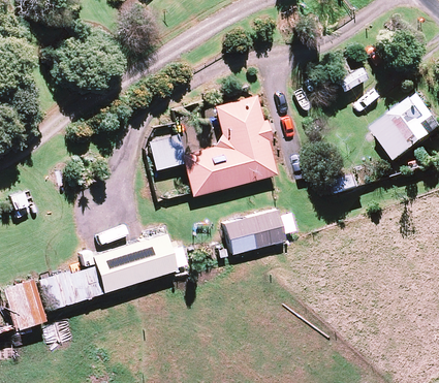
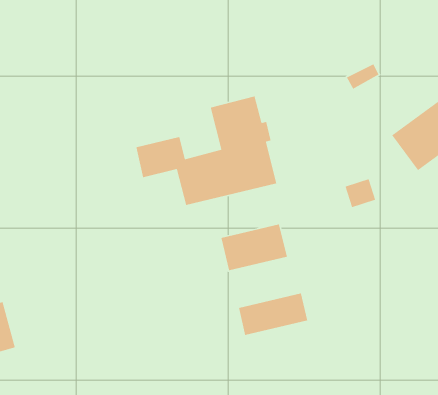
building: [40,231,178,310] -> none
building: none -> [238,293,308,336]

